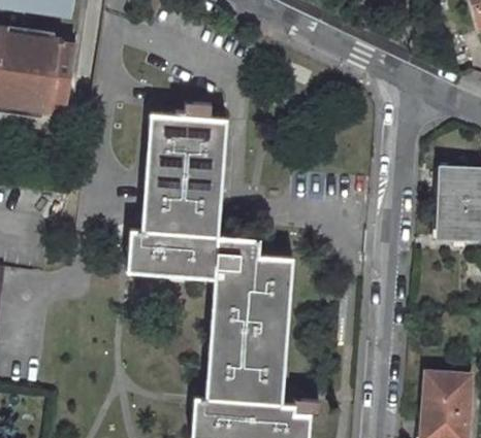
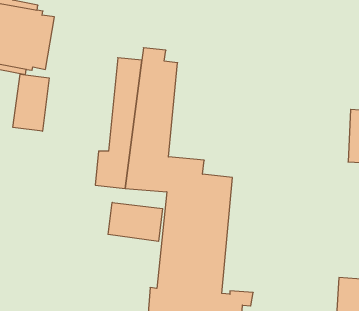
building: none -> [13,74,49,131]
building: none -> [108,202,163,241]

